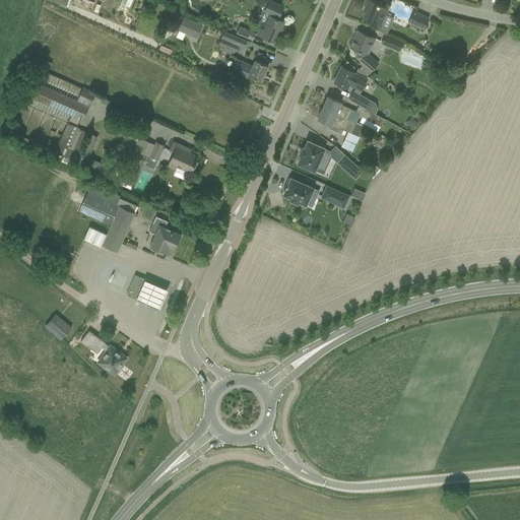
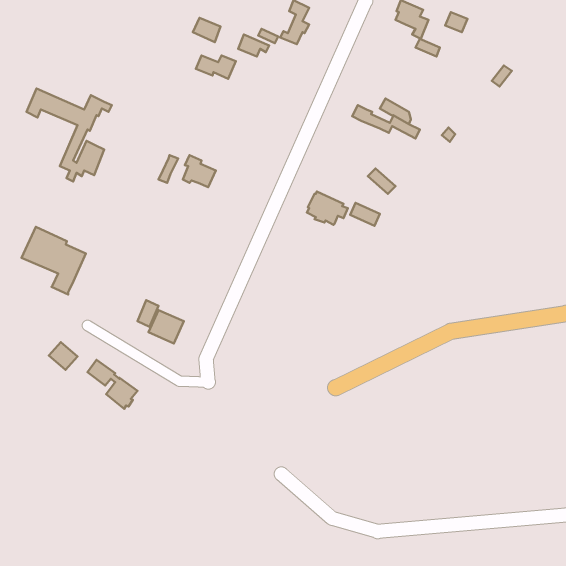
building: [349,31,378,72] -> none
building: [232,60,268,81] -> [196,56,236,79]
building: [334,61,368,91] -> none
building: [317,107,364,137] -> none
building: [298,141,332,171] -> none
building: [78,182,137,244] -> [22,227,86,294]
building: [149,216,181,254] -> none

